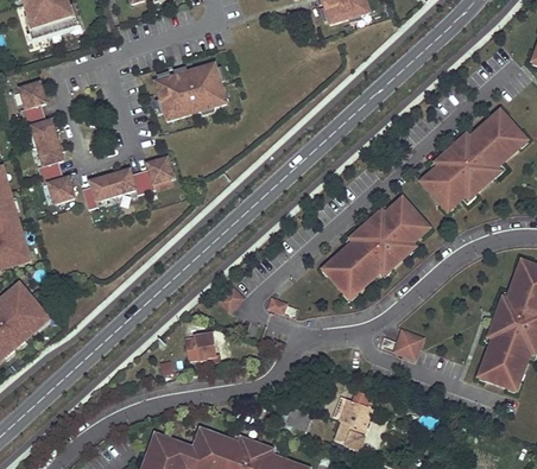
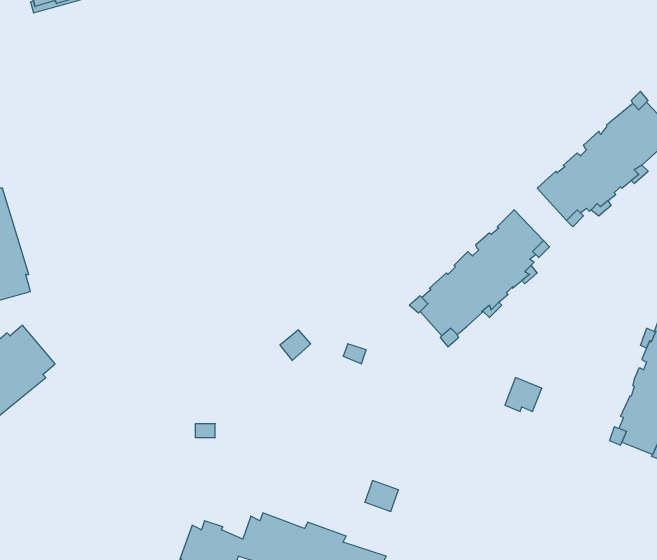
building: [154,62,226,120] -> none
building: [19,81,74,203] -> none
building: [82,157,173,208] -> none
building: [185,332,216,360] -> none
building: [336,393,372,449] -> none

